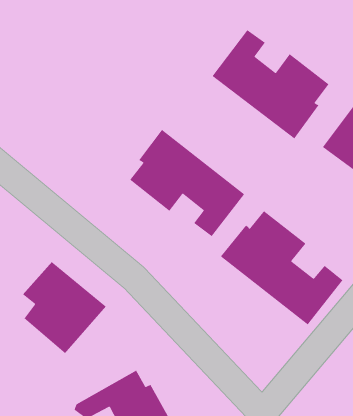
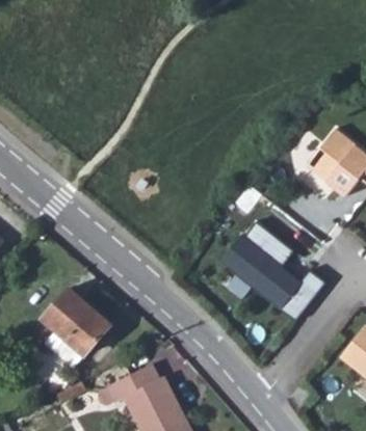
building: [212,29,330,139] -> none
building: [129,129,245,237] -> none

